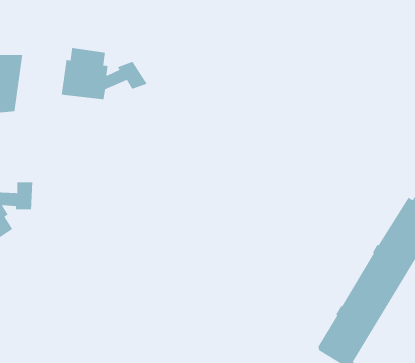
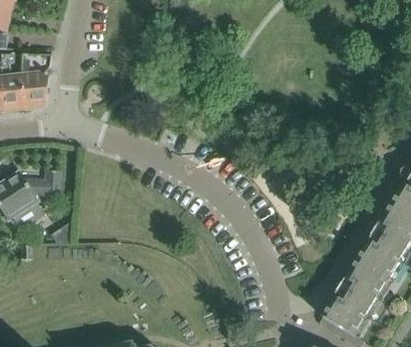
building: [61,47,148,100] -> none

